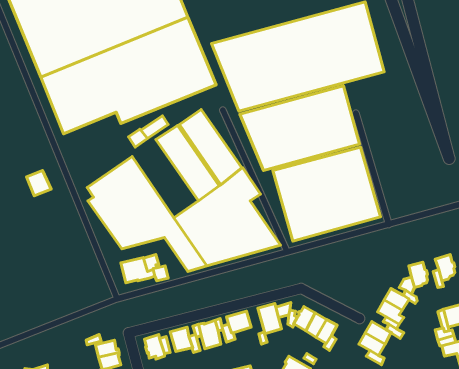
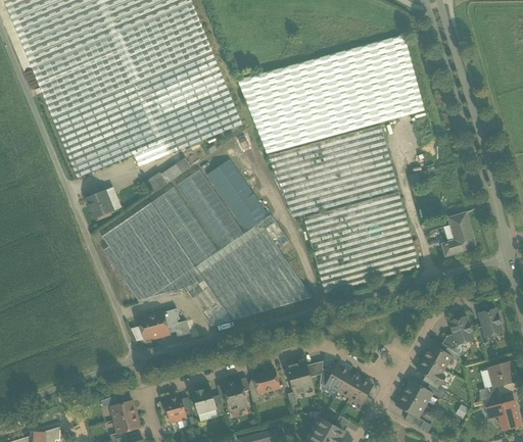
building: none -> [151,186,220,268]
building: none -> [441,212,476,256]
building: [27,170,51,196] -> [87,191,113,218]

